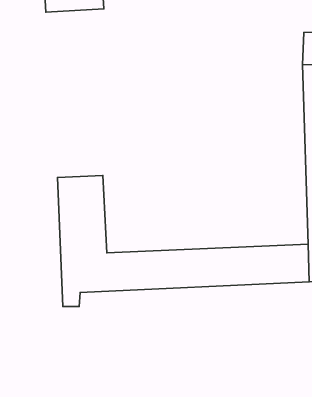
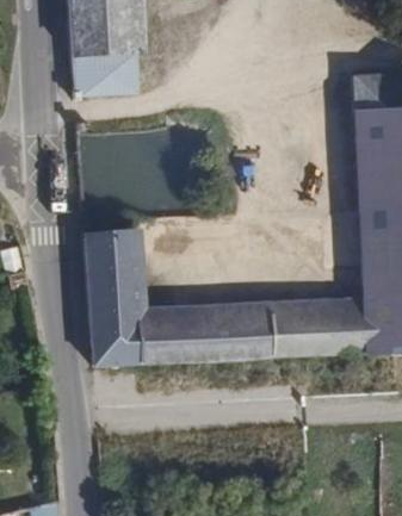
building: none -> [73,46,138,91]

